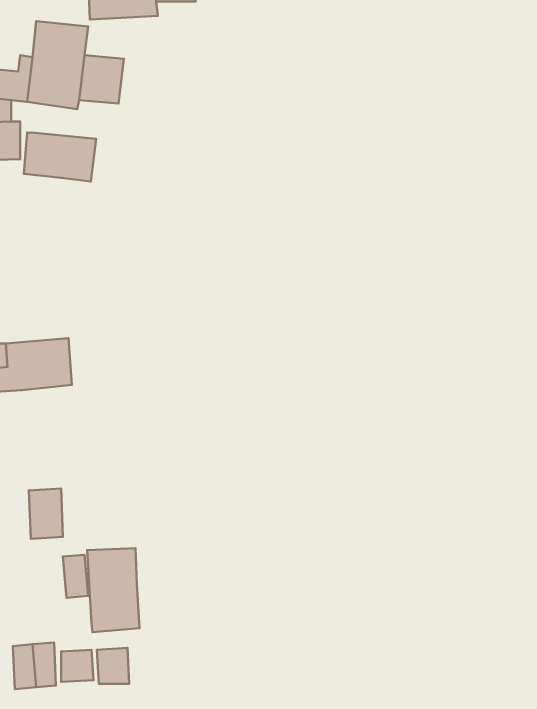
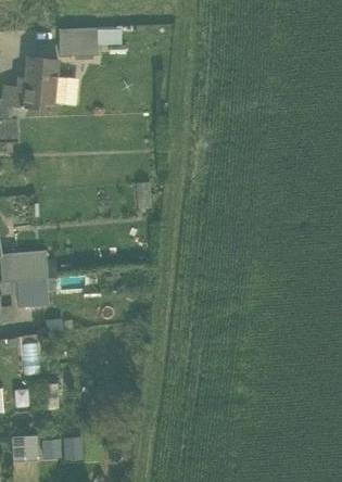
building: [24,133,96,181] -> none
building: none -> [17,278,50,306]
building: [87,548,140,632] -> none

